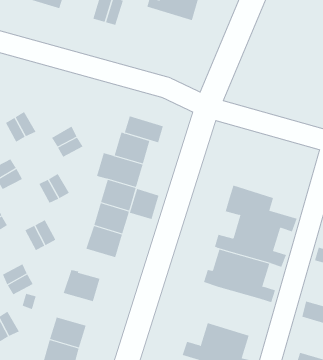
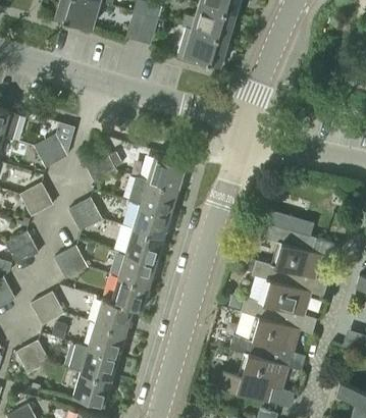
building: none -> [175,25,229,66]
building: [124,115,164,143] -> none
building: [129,188,159,220] -> none
building: none -> [111,276,150,311]
building: none -> [229,316,305,370]
building: none -> [88,322,126,356]

